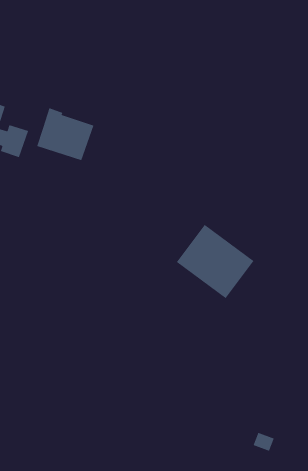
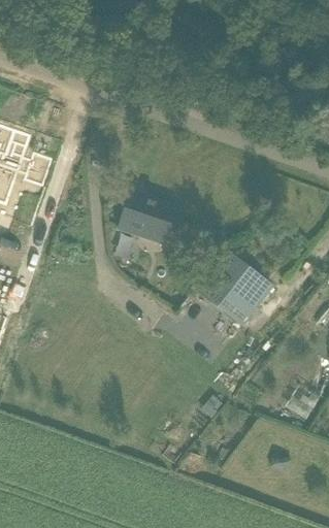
building: [36,107,94,161] -> [119,191,175,243]

